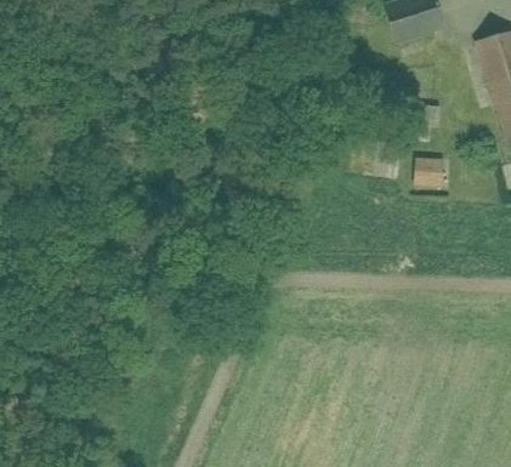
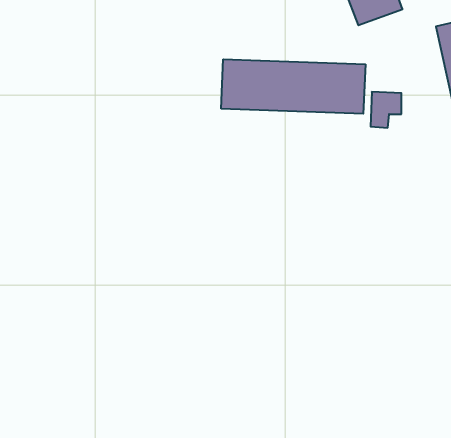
building: none -> [221,59,365,114]
building: [419,158,445,187] -> none

